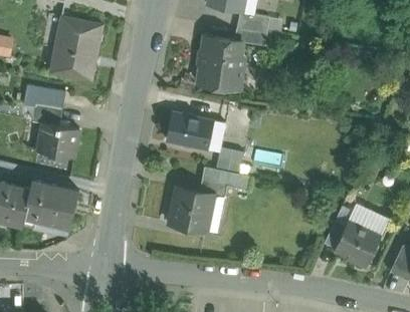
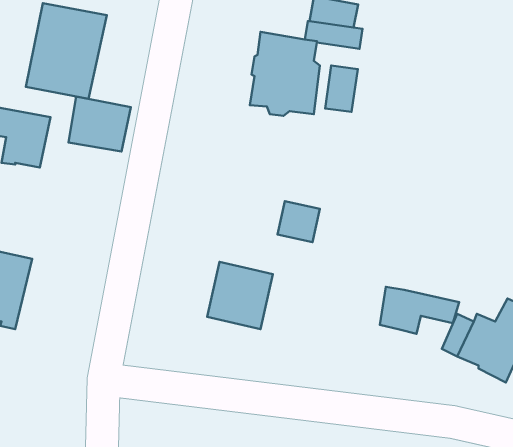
building: none -> [325,66,358,112]
building: [167,111,213,149] -> none
building: [38,121,79,158] -> [68,97,131,151]
building: [200,167,252,198] -> [380,287,459,334]
building: [43,185,79,234] -> none

